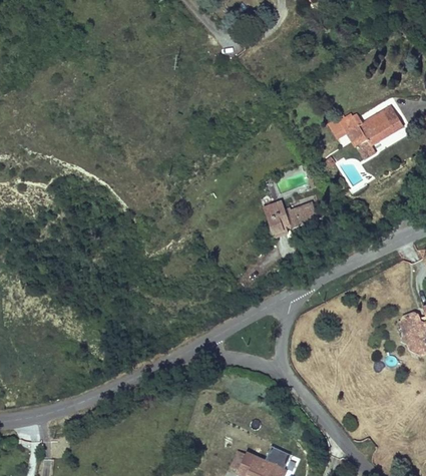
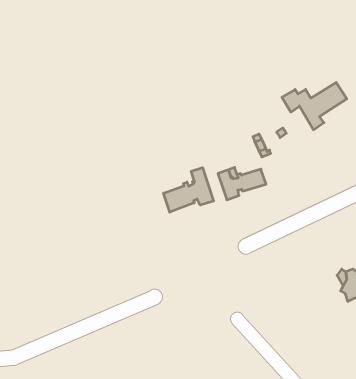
building: none -> [164,168,214,212]

